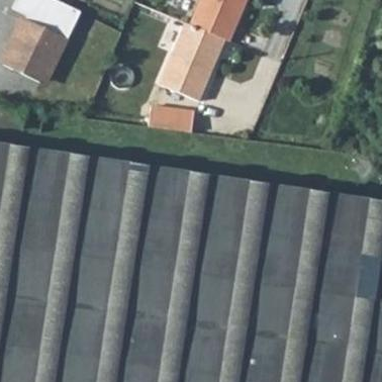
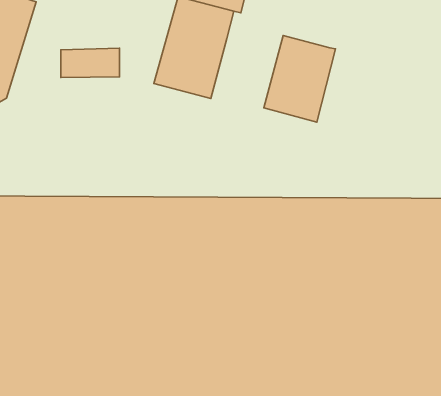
building: none -> [264,35,335,122]
building: [149,103,195,129] -> [61,48,120,77]

